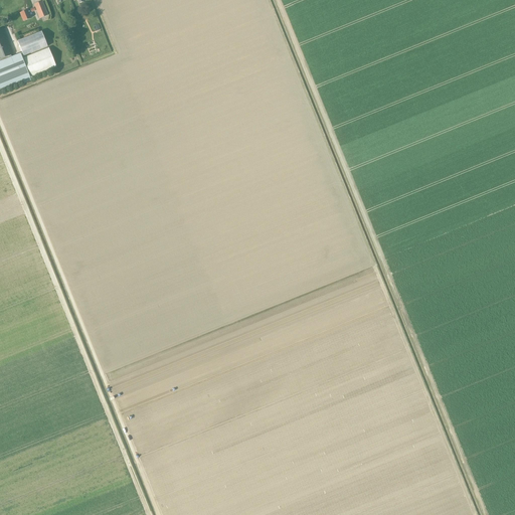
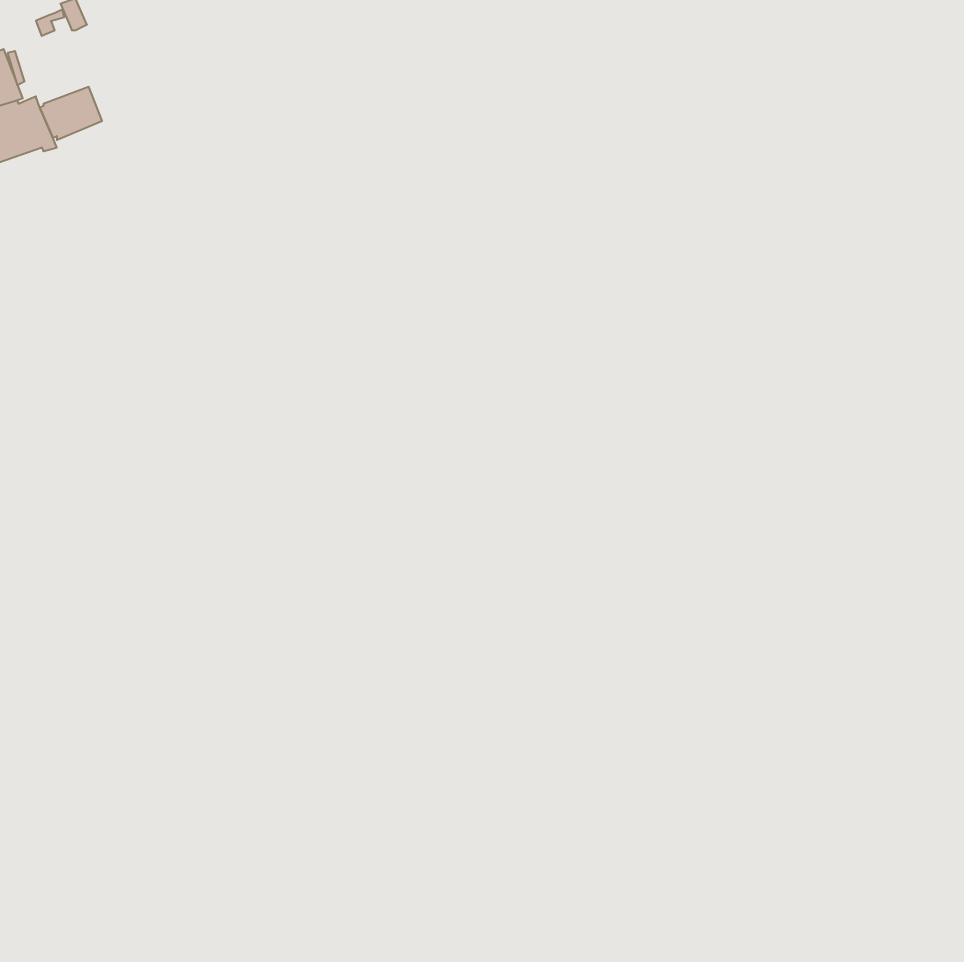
building: [16,29,46,54] -> none

